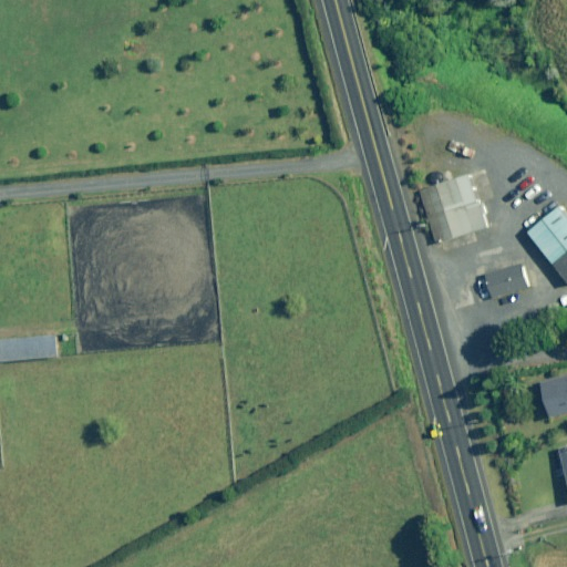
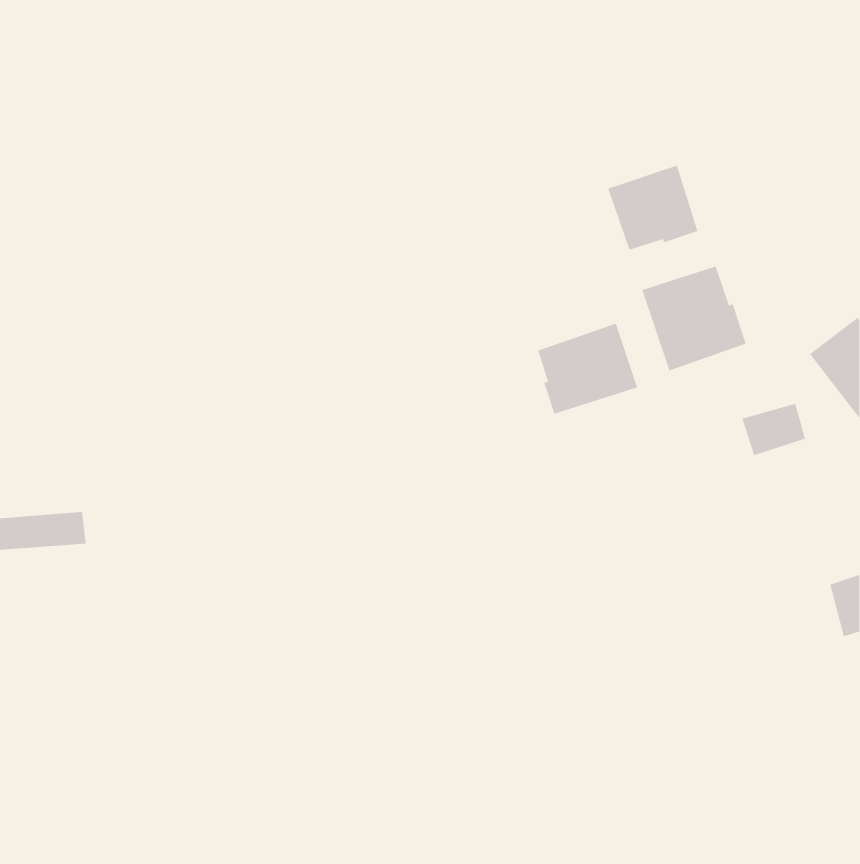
building: none -> [608,165,698,251]
building: none -> [538,323,638,415]

